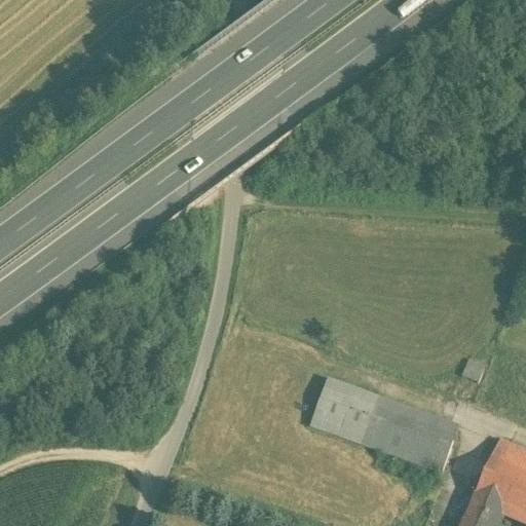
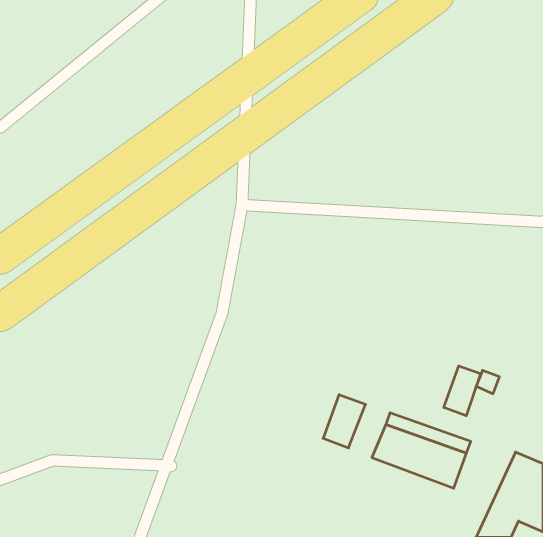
building: none -> [444,366,480,416]
building: [337,391,377,443] -> none

